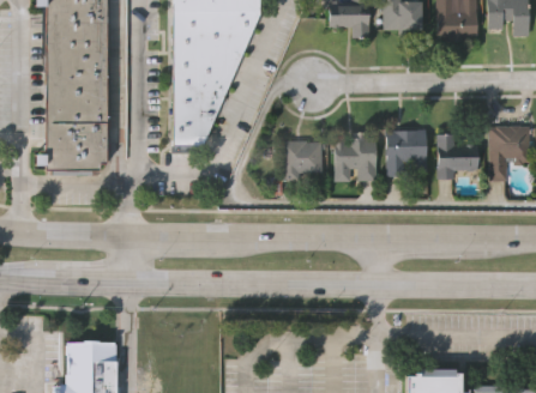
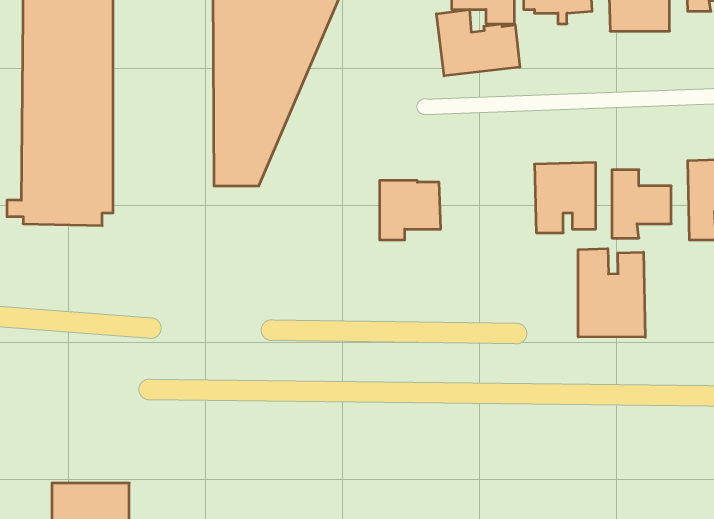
building: none -> [436,9,520,76]
building: [335,132,377,181] -> none
building: none -> [578,249,645,337]

